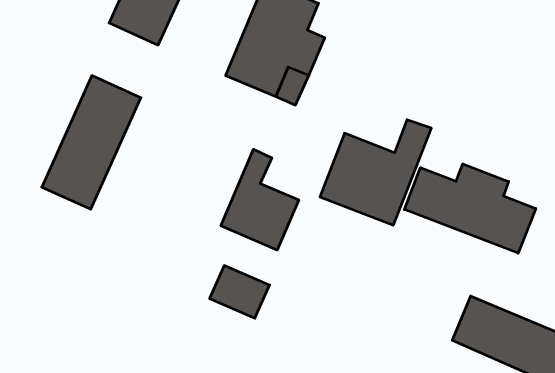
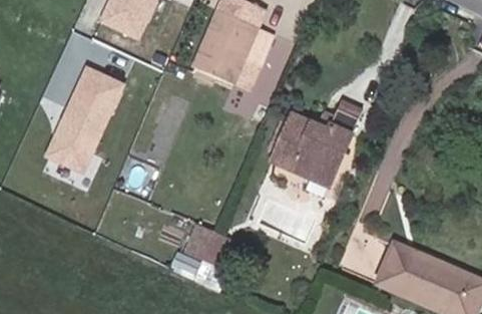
building: [221,149,299,250] -> none
building: [404,164,536,253] -> none

